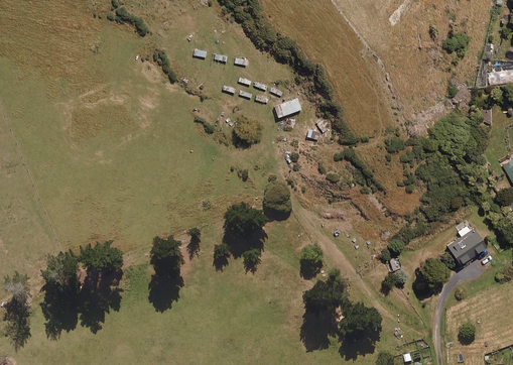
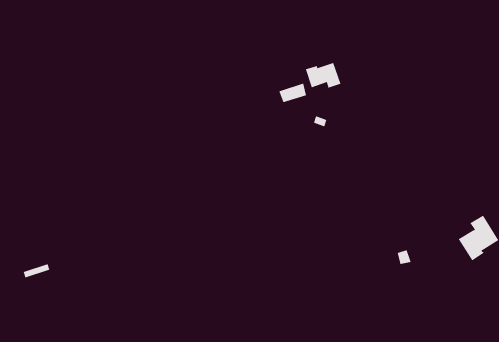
building: none -> [305,62,341,89]

